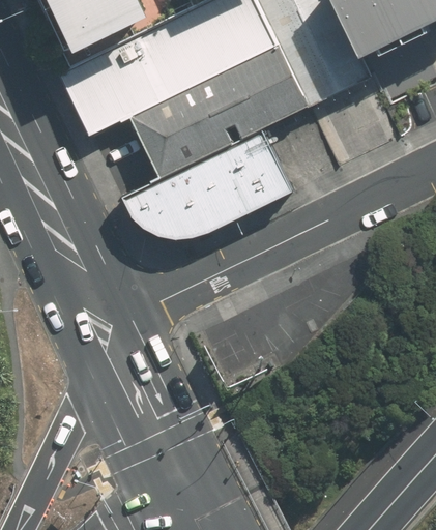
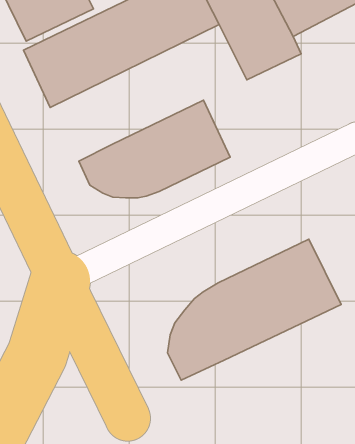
building: [132,42,312,177] -> none
building: none -> [167,239,341,380]

